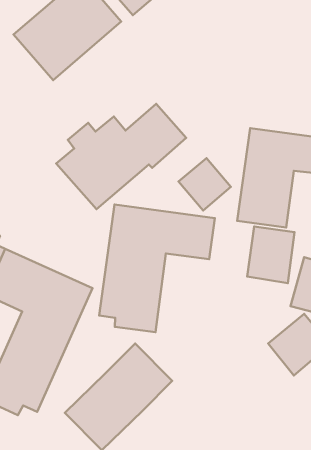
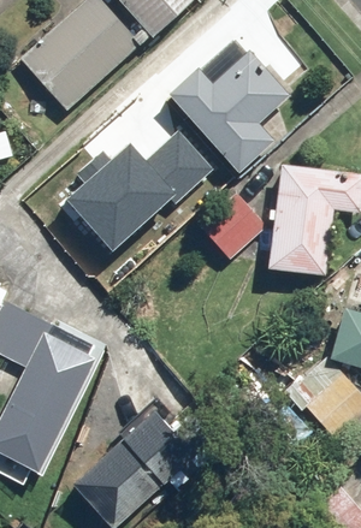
building: none -> [168,49,292,174]
building: [99,205,215,332] -> none
building: [247,227,294,283] -> none

